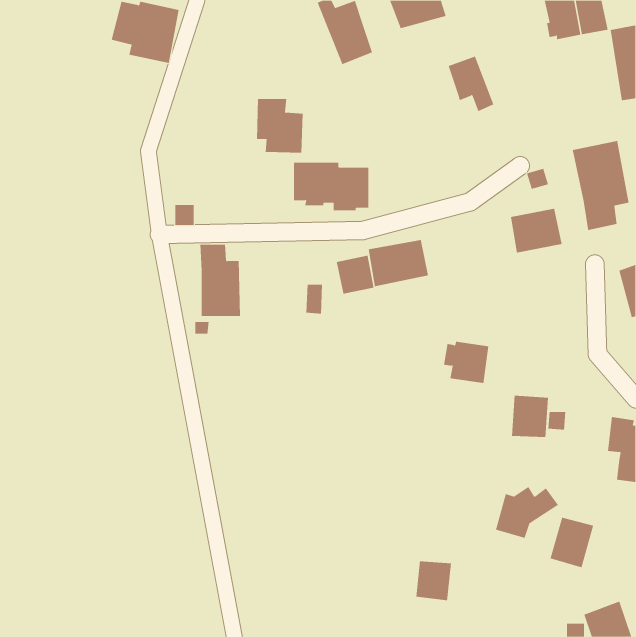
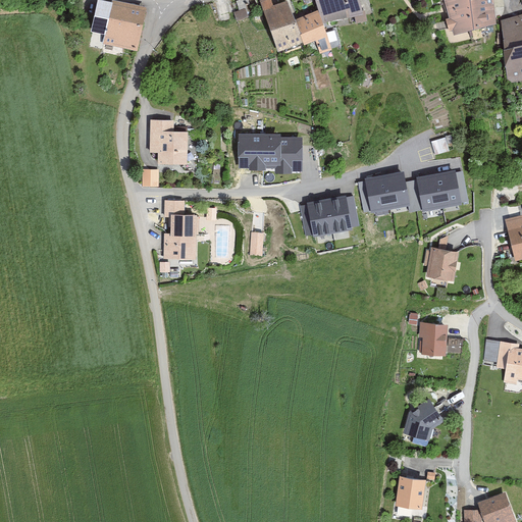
building: [448,56,494,112] -> [297,10,334,56]
building: [256,98,303,153] -> [150,119,189,164]
building: [572,140,629,231] -> none
building: none -> [365,170,408,208]
building: [336,255,374,294] -> none
building: [443,341,489,384] -> [422,248,460,282]
building: [550,517,594,568] -> none
building: [416,561,452,601] -> [397,476,426,509]

